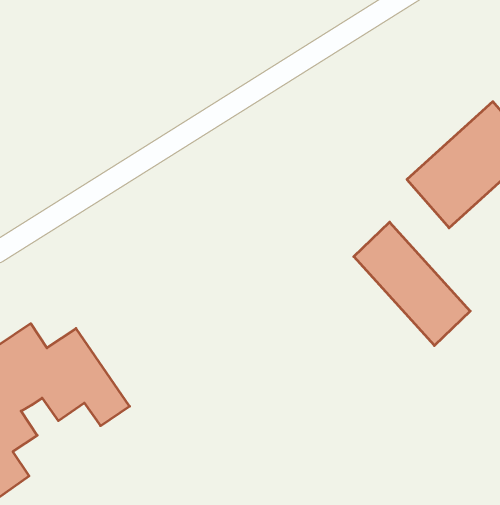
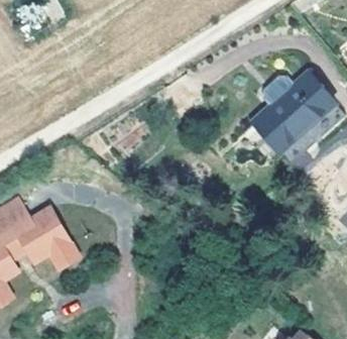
building: [354,222,470,346] -> none

